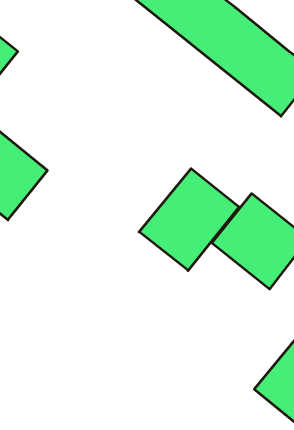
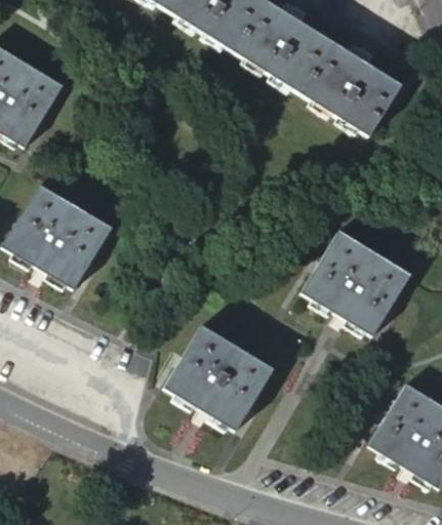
building: [139,169,239,271] -> none
building: none -> [165,322,275,427]

